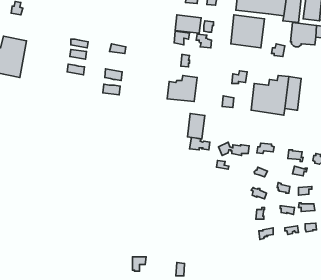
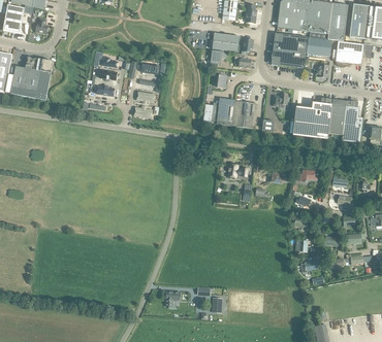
building: none -> [307,36,331,56]
building: none -> [342,100,363,142]
building: [187,114,205,139] -> [232,100,251,127]

